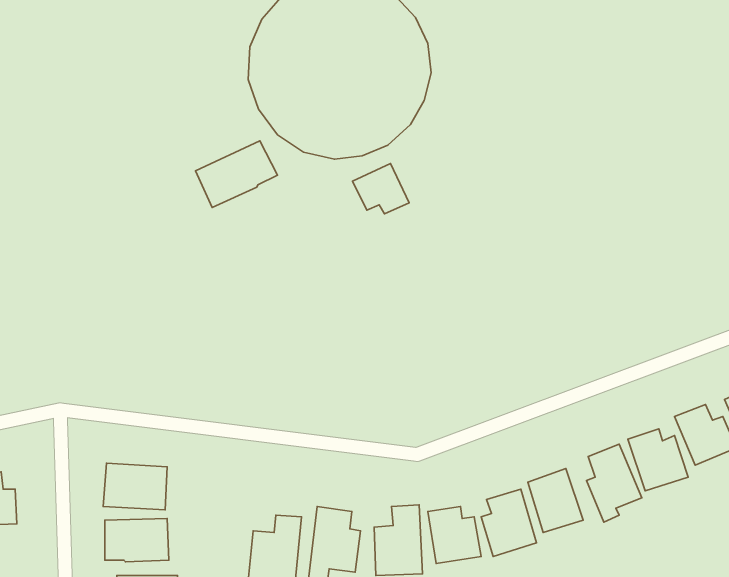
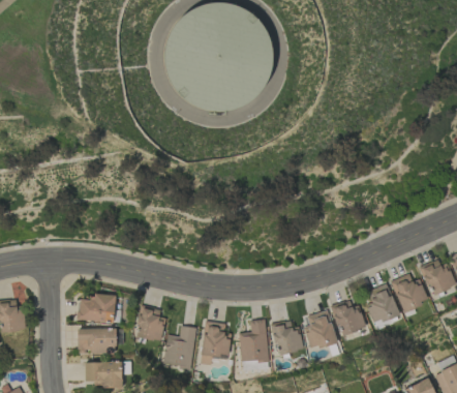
building: [196,141,277,208] -> none
building: [352,163,409,214] -> none
building: none -> [134,307,167,342]

